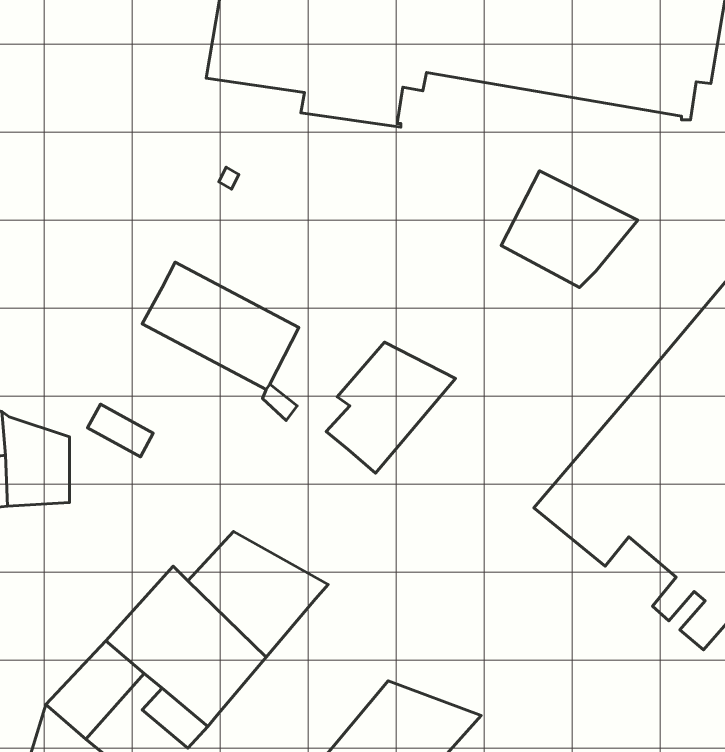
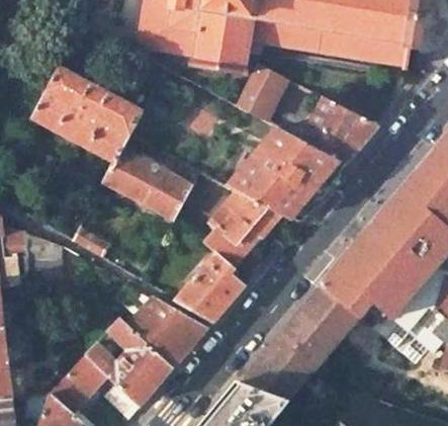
building: none -> [236,63,284,118]
building: none -> [31,67,141,162]
building: none -> [233,127,345,220]
building: none -> [176,252,241,319]
building: none -> [239,284,359,400]

